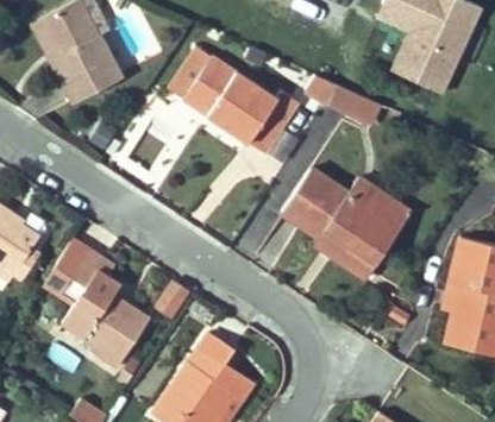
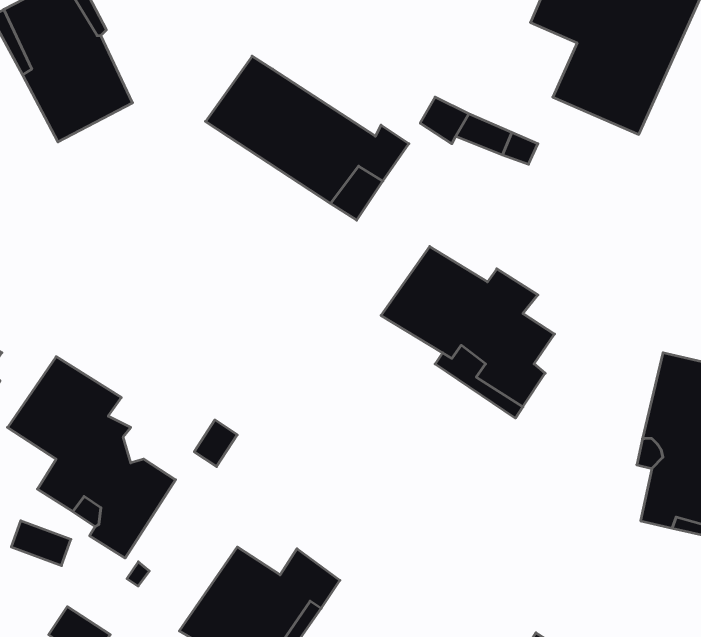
building: [355,177,411,250] -> none
building: [189,330,236,378] -> none

